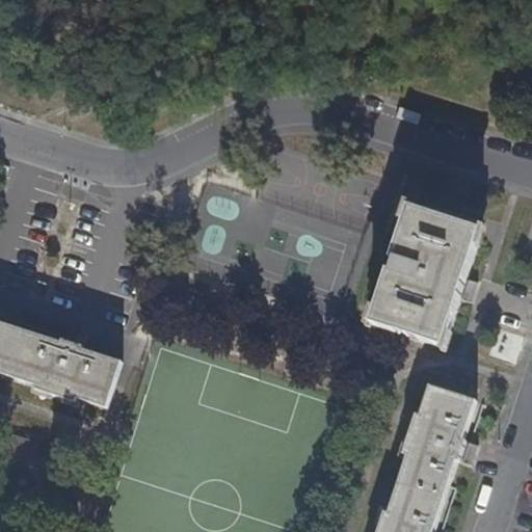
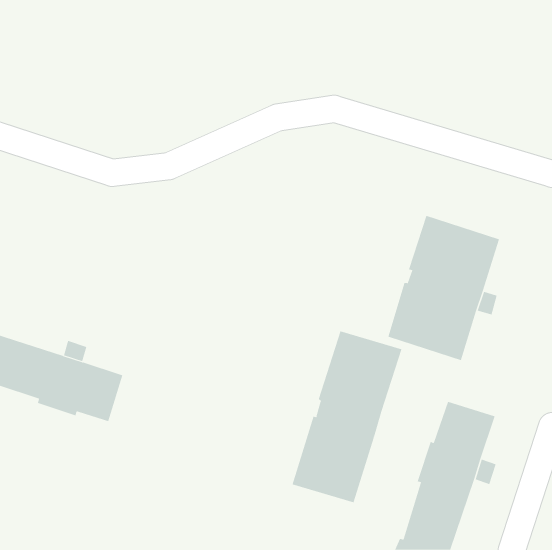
building: none -> [292,331,402,503]

